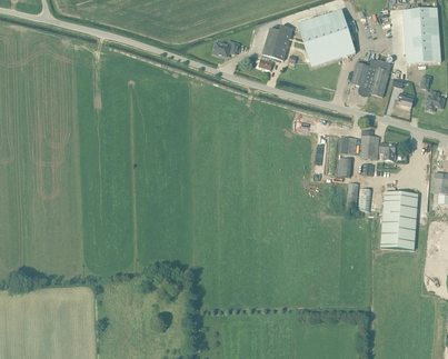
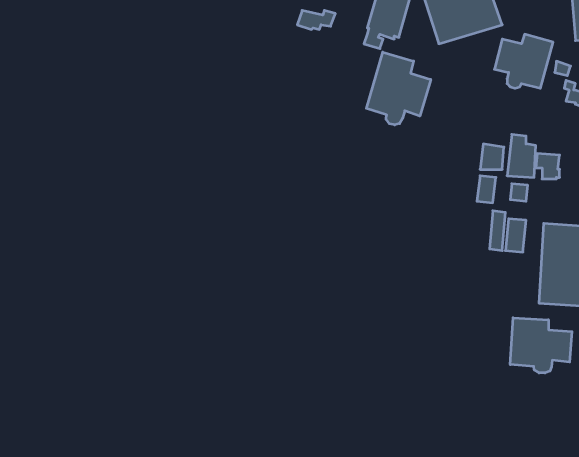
building: none -> [366,52,431,125]
building: none -> [510,318,572,373]

